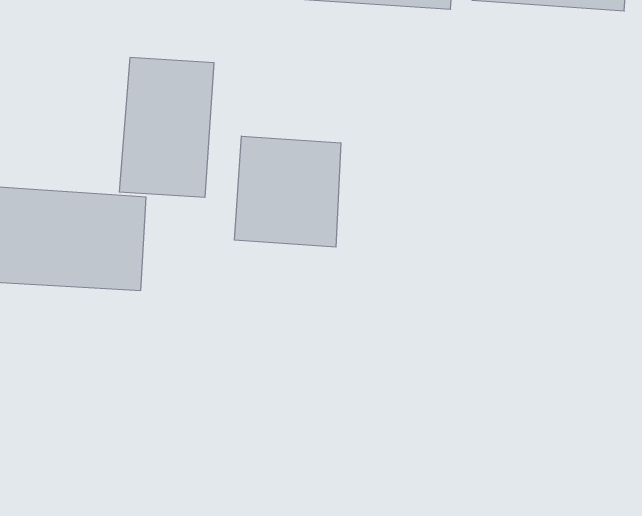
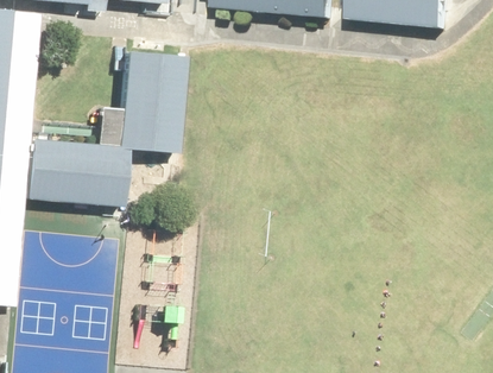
building: [235,136,341,247] -> none

